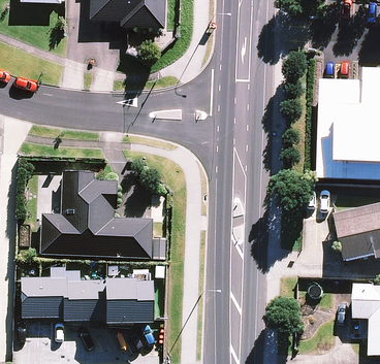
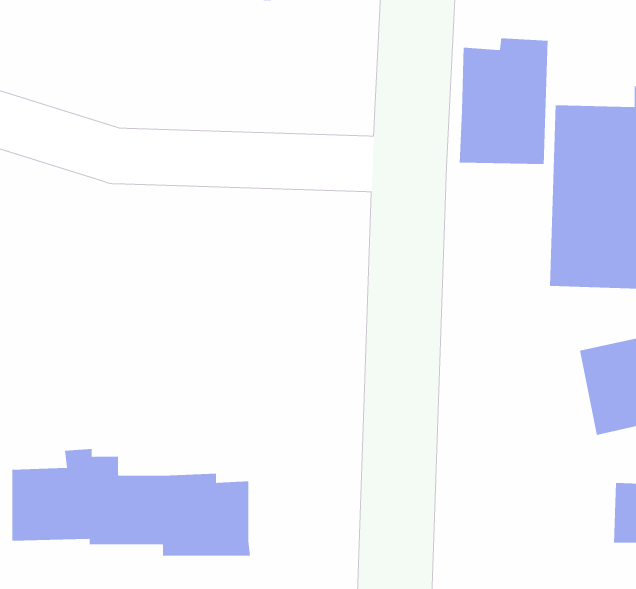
building: none -> [459,38,548,165]
building: [40,171,154,258] -> none

